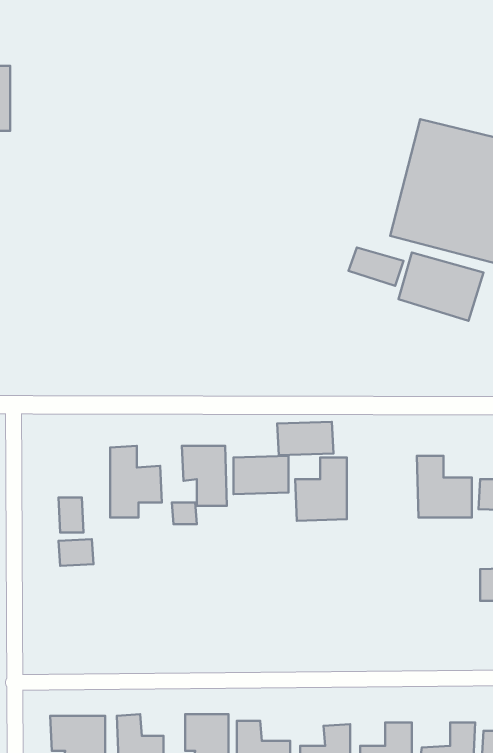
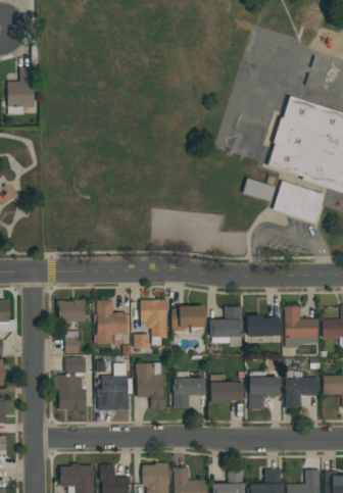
building: [277,422,334,455] -> [246,316,281,337]
building: none -> [58,300,86,323]
building: none -> [99,363,129,411]
building: none -> [136,363,164,410]
building: none -> [285,372,318,408]
building: none -> [53,375,86,411]
building: none -> [209,375,243,403]
building: none -> [248,377,280,408]
building: none -> [173,378,204,409]

